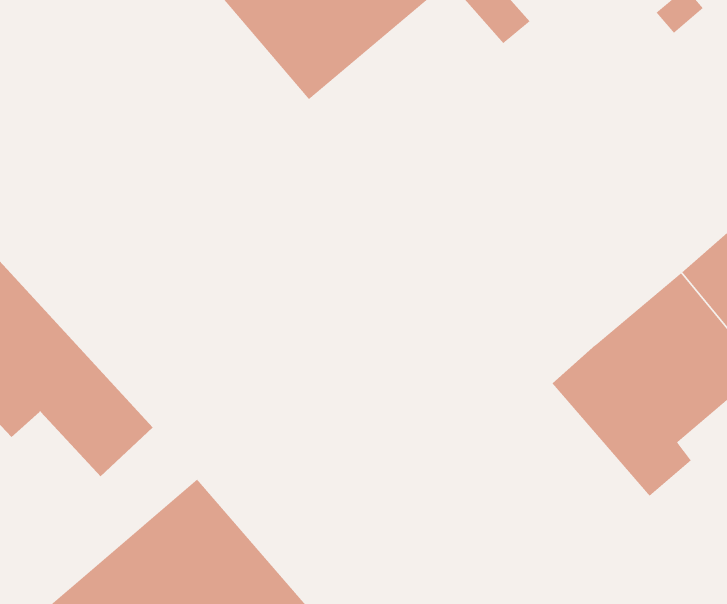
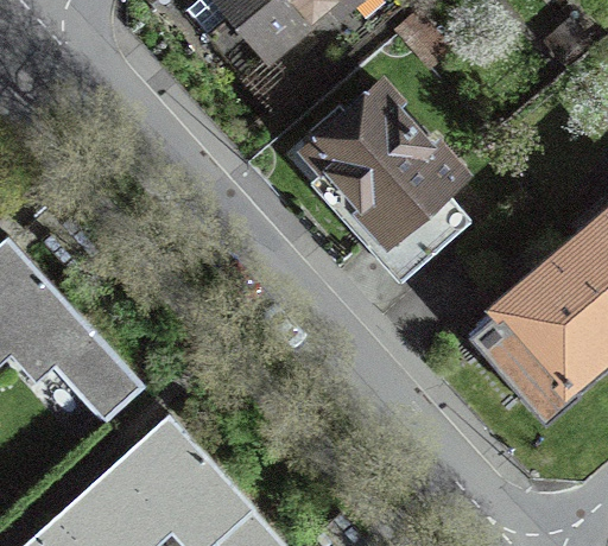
building: none -> [304,85,462,265]

